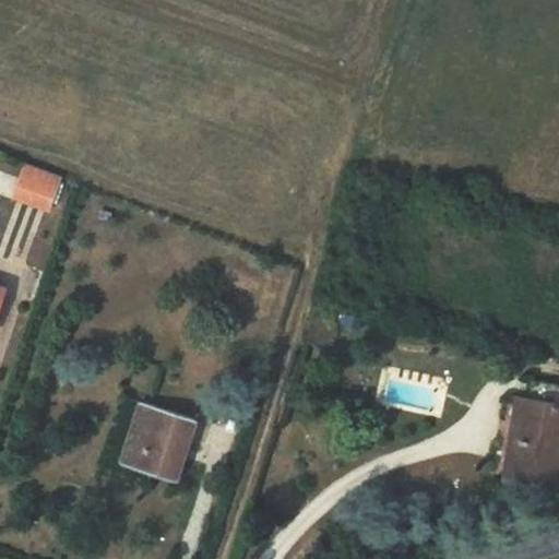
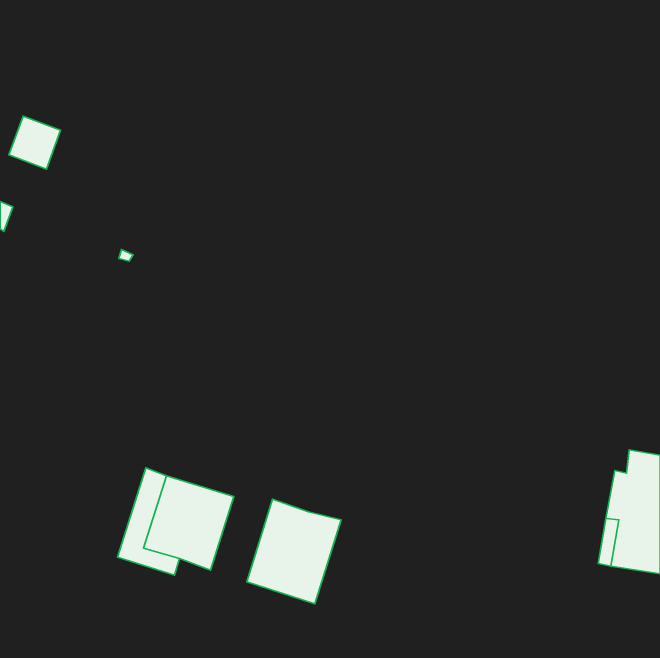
building: [15,166,59,211] -> [9,116,61,169]
building: none -> [247,499,341,604]

